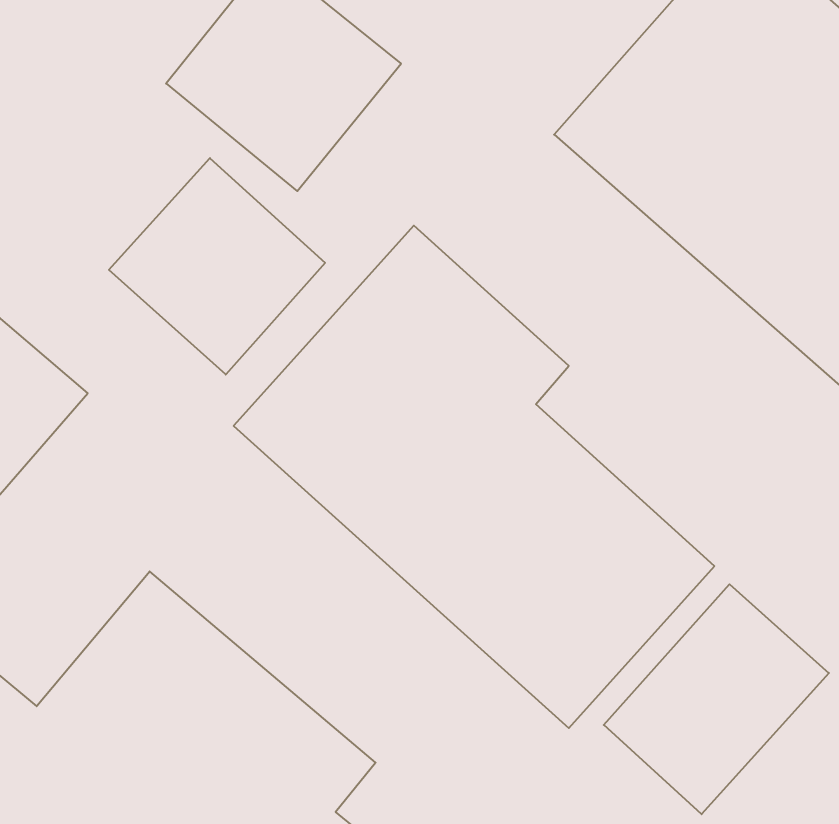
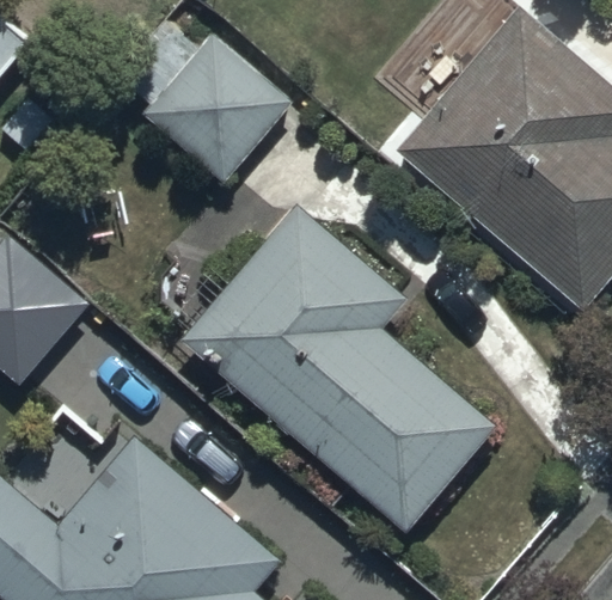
building: [109,158,325,375] -> none
building: [604,584,829,814] -> none

